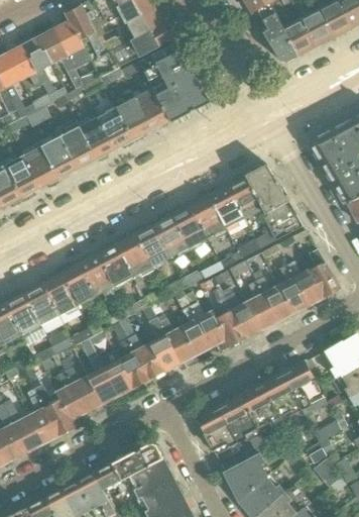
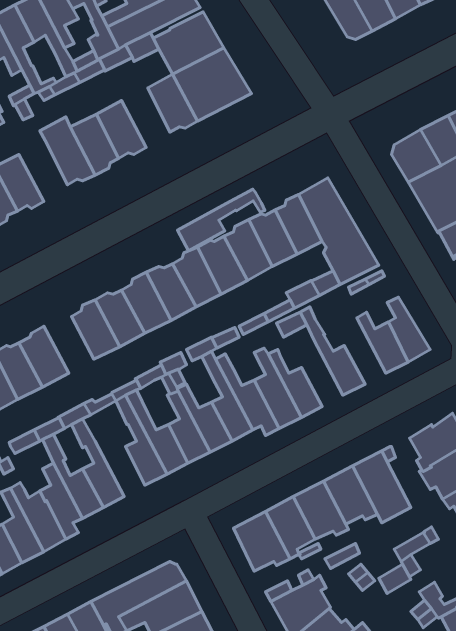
building: [115,98,150,141] -> none
building: [40,136,76,181] -> none
building: none -> [178,189,265,251]
building: [58,265,95,306] -> none
building: [277,266,308,314] -> none
building: [246,282,276,330] -> none
building: [96,351,132,396] -> none

